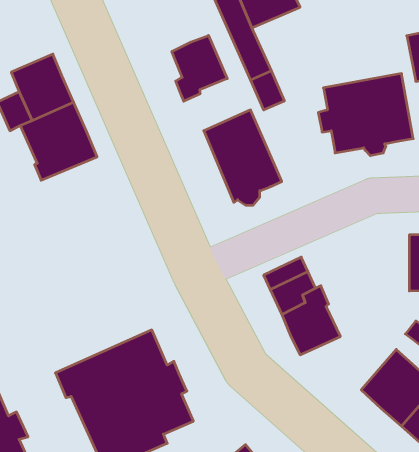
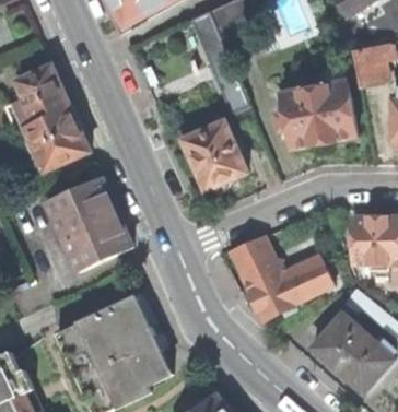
building: [172,35,227,101] -> none
building: none -> [47,178,132,272]
building: none -> [282,259,330,302]

